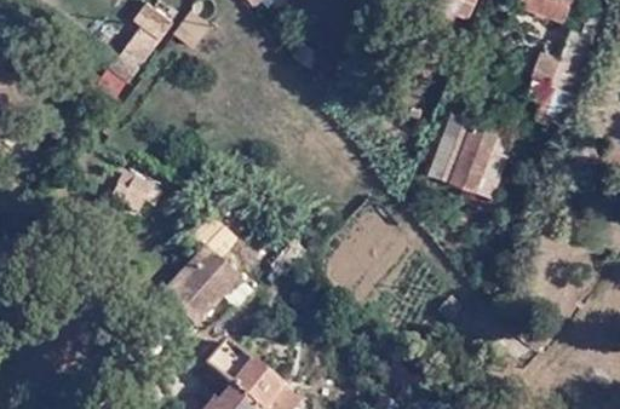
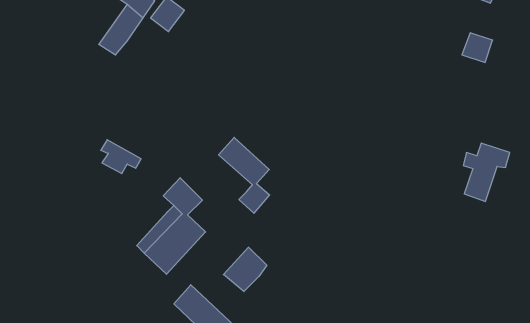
building: [452,123,505,190] -> [463,143,510,201]
building: none -> [219,137,270,213]
building: none -> [223,247,267,292]

